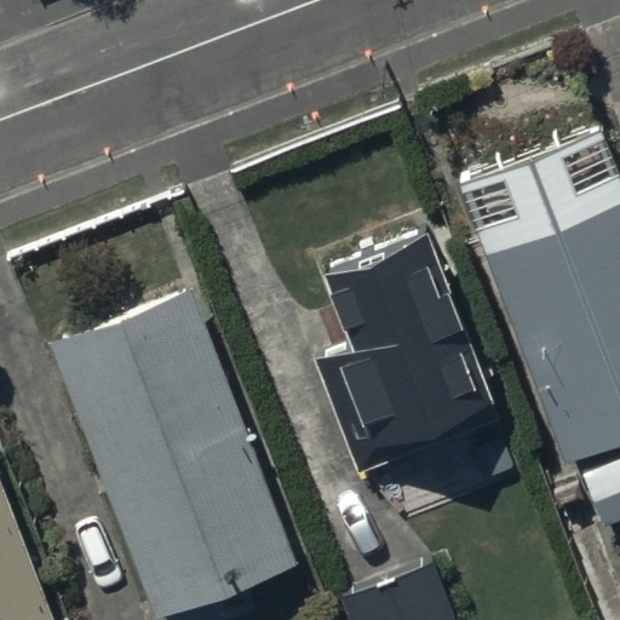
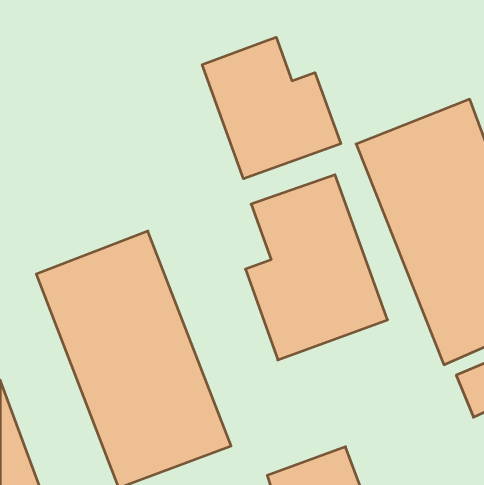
building: none -> [202,37,341,179]

